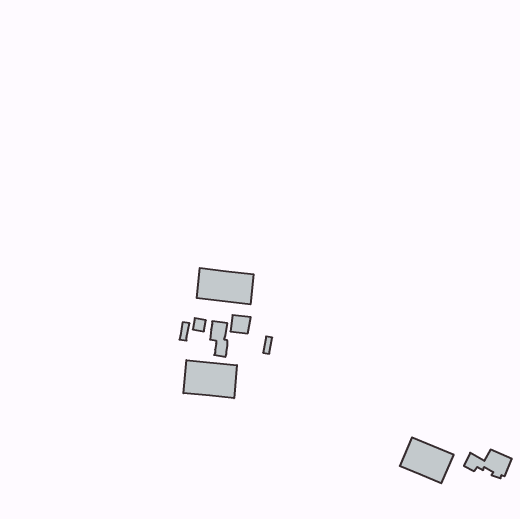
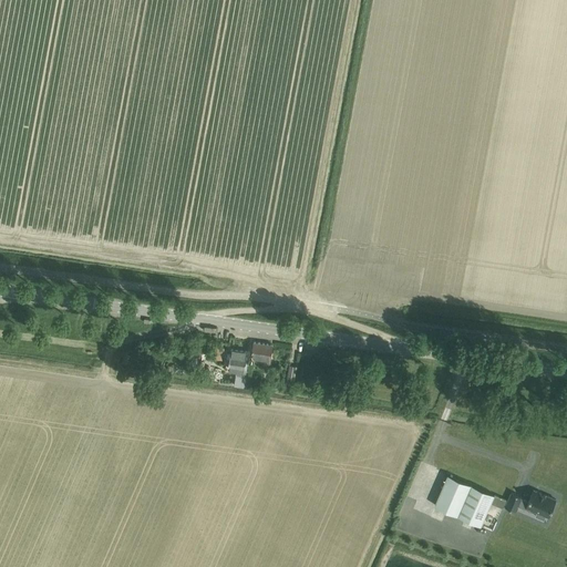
building: [197,268,254,304] -> none
building: [183,360,237,398] -> none

